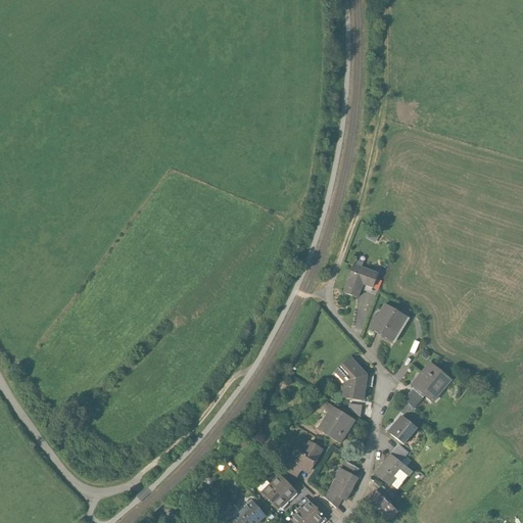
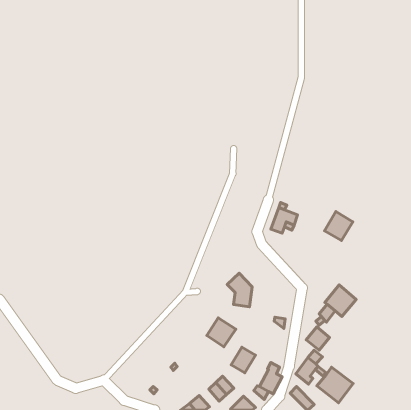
building: [371,302,407,339] -> [325,211,353,241]
building: [335,355,367,398] -> [227,273,252,307]
building: [319,406,355,442] -> [207,318,236,347]
building: none -> [317,367,353,403]

